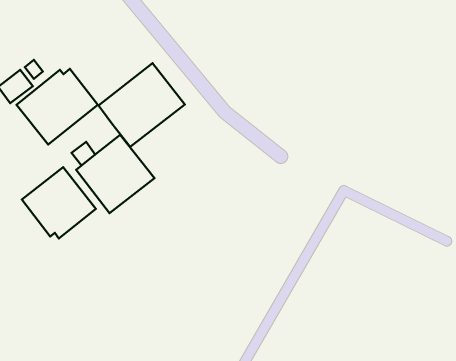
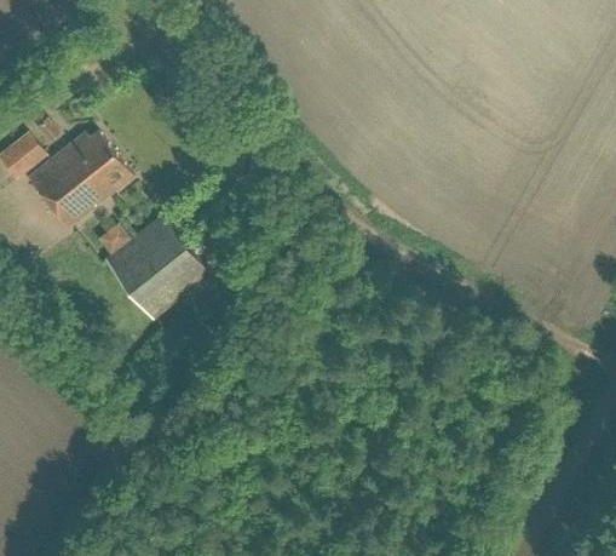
building: [99,63,185,147] -> none
building: [22,167,96,238] -> none

